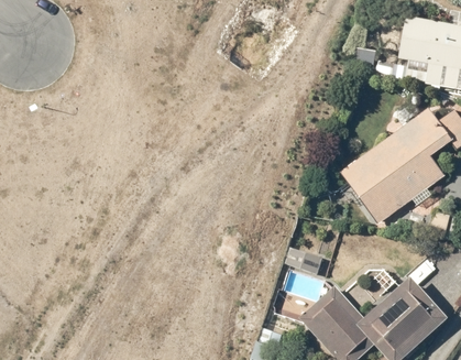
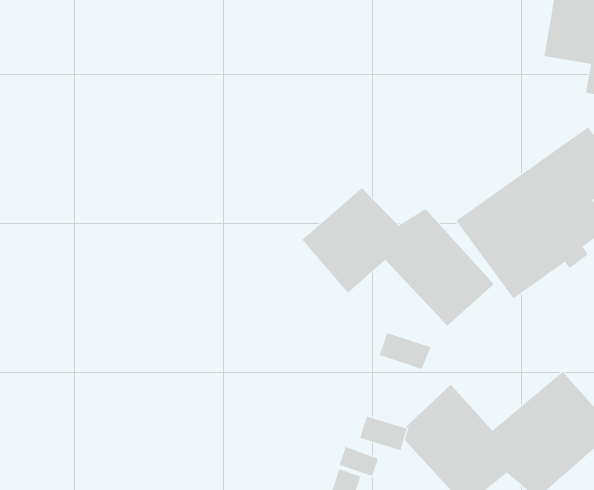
building: none -> [301,187,495,327]

